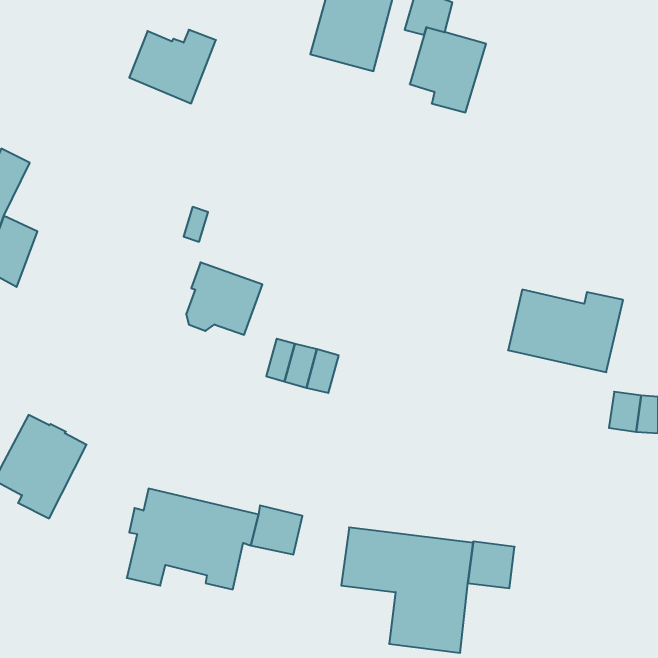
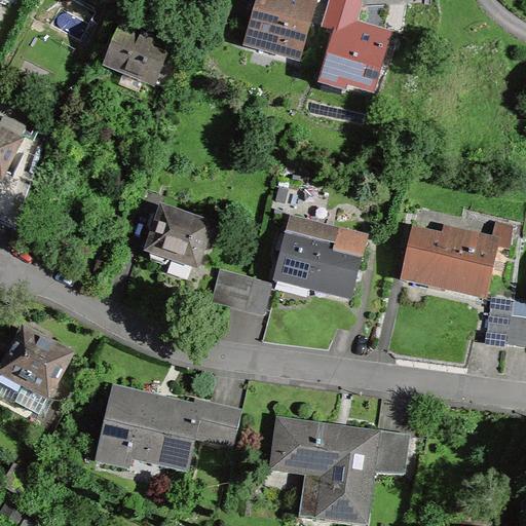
building: none -> [275,217,361,297]

